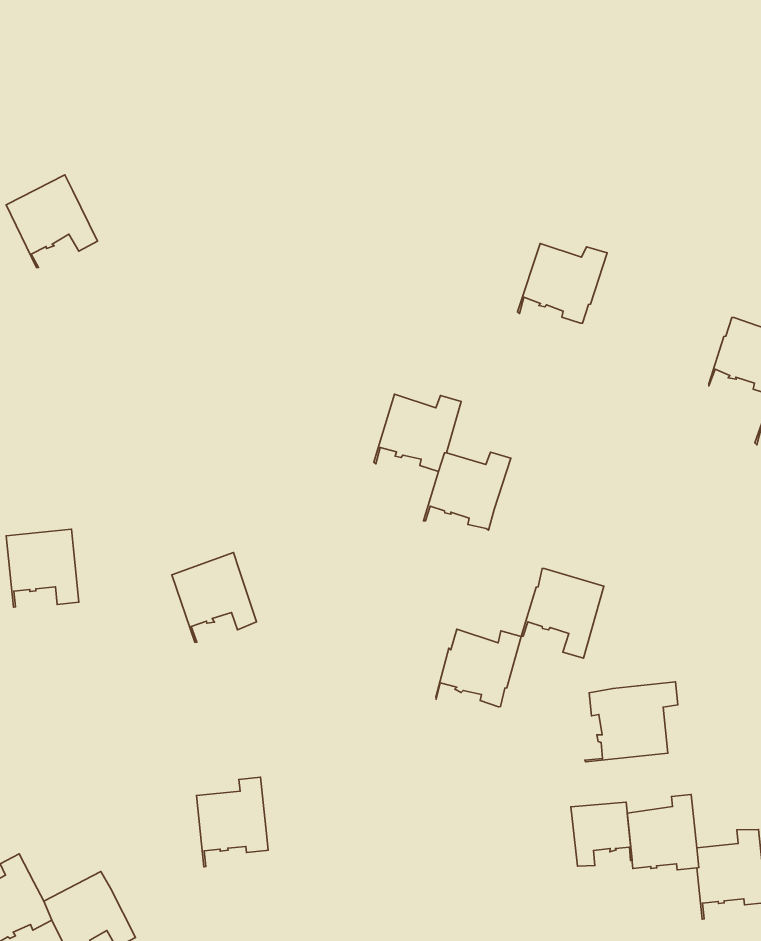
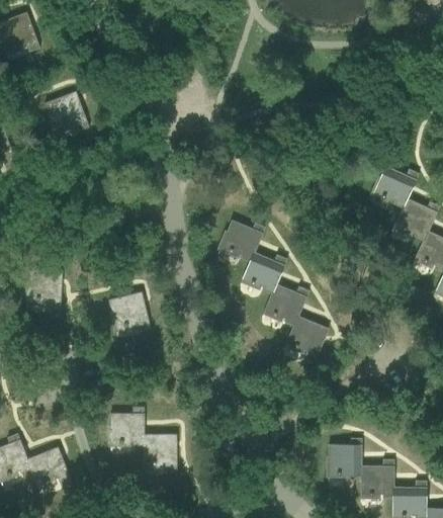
building: [517,244,607,323] -> [370,166,419,208]
building: [436,629,521,707] -> [262,284,308,326]
building: [585,682,678,762] -> none
building: [571,802,632,866] -> none
building: none -> [143,435,176,472]

